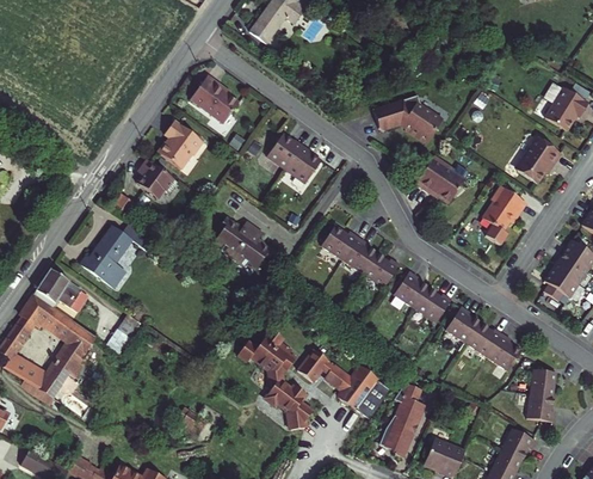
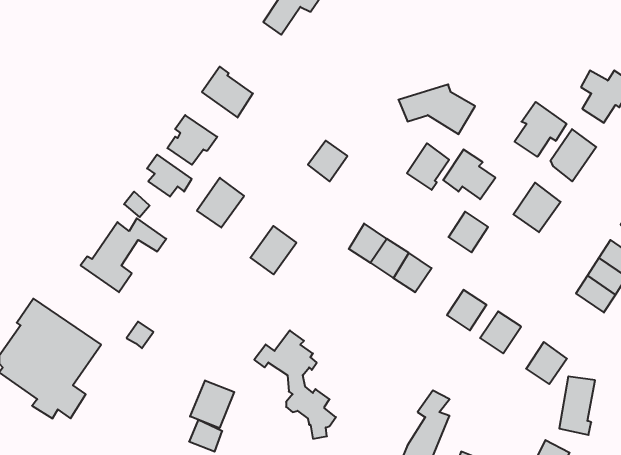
building: none -> [515,102,566,157]
building: [268,131,305,170] -> none
building: none -> [407,143,449,190]
building: [212,210,257,257] -> [197,178,244,228]
building: [36,268,86,311] -> none
building: [397,272,434,311] -> [448,212,488,252]
building: [471,321,509,361] -> none
building: [299,344,381,404] -> none
building: none -> [190,380,234,428]

